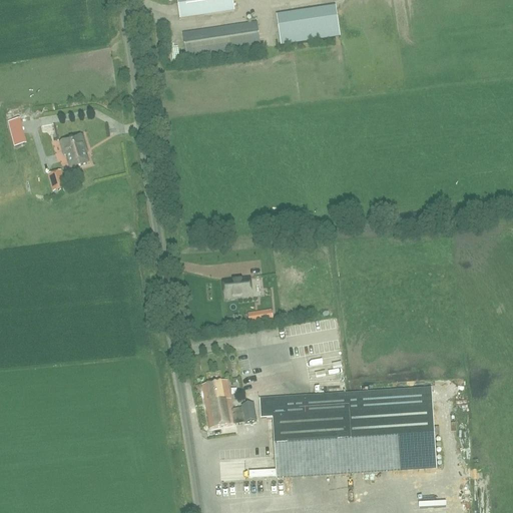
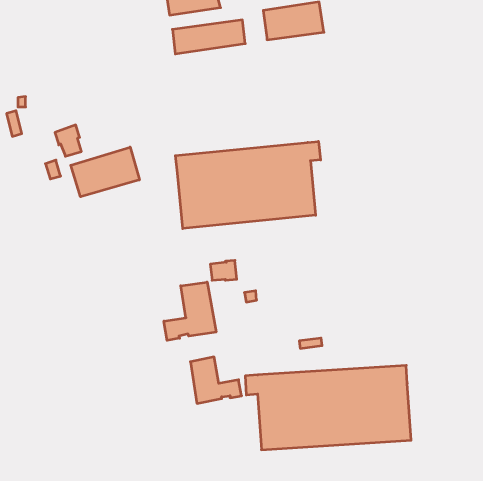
building: none -> [175,141,321,229]
building: none -> [71,147,139,197]
building: none -> [164,282,216,340]

